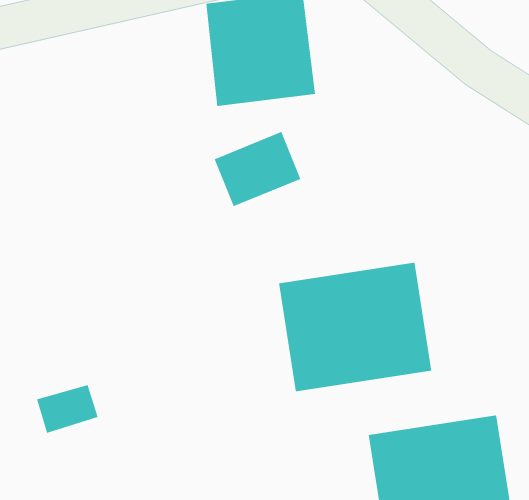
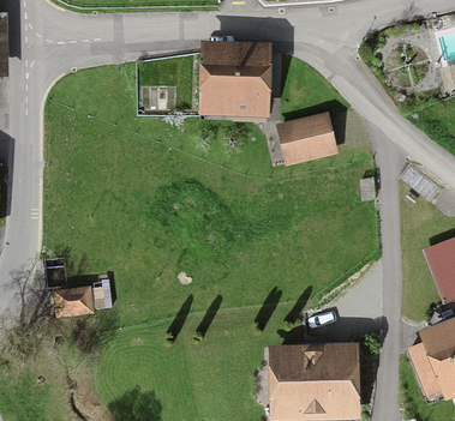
building: [214,131,301,207] -> [277,114,334,160]
building: [279,262,432,392] -> none

